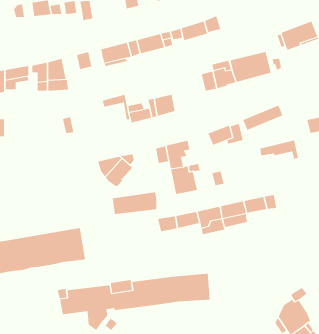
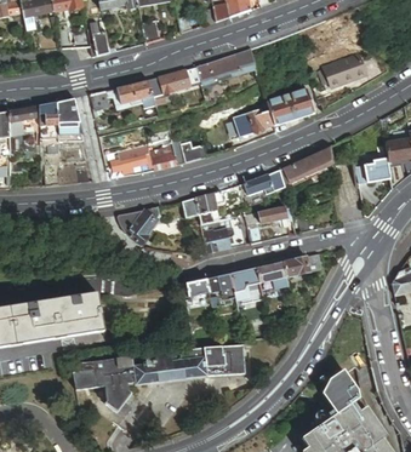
building: none -> [112,149,148,172]
building: [260,140,299,159] -> [244,206,289,228]
building: [112,192,157,215] -> none

